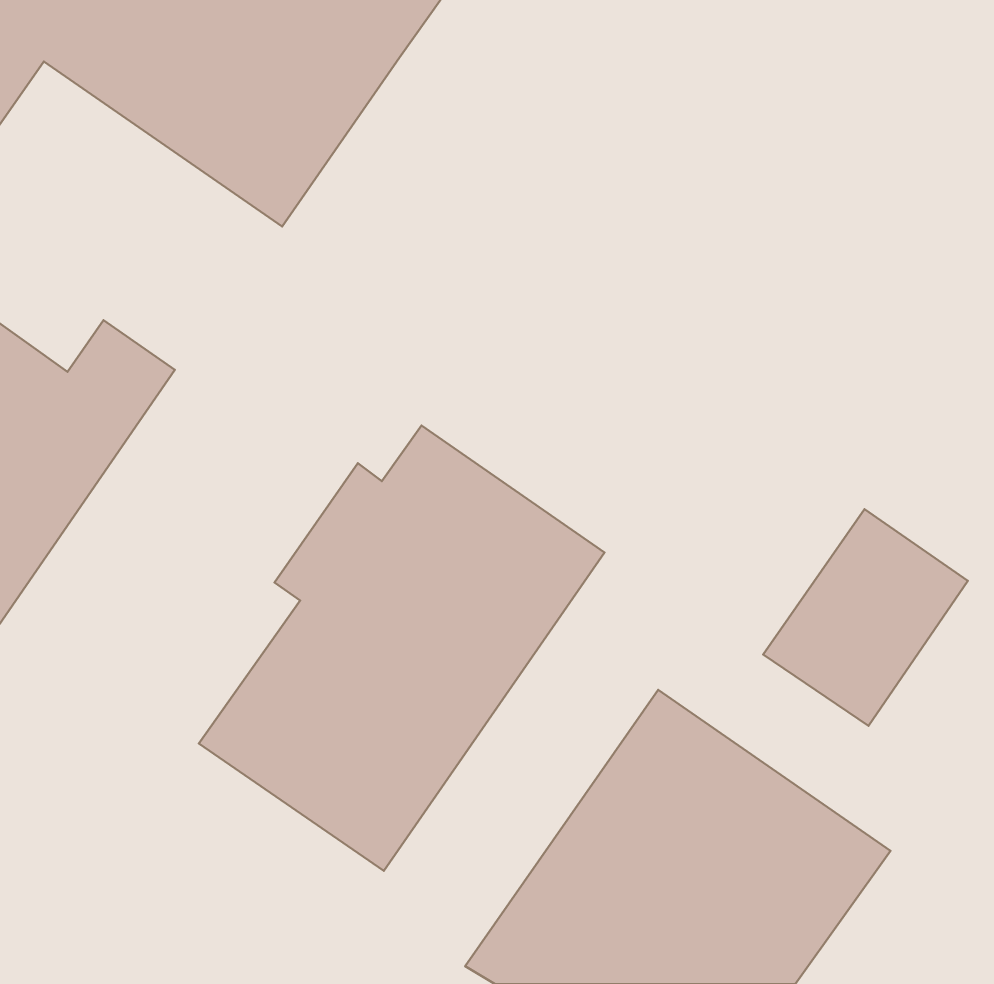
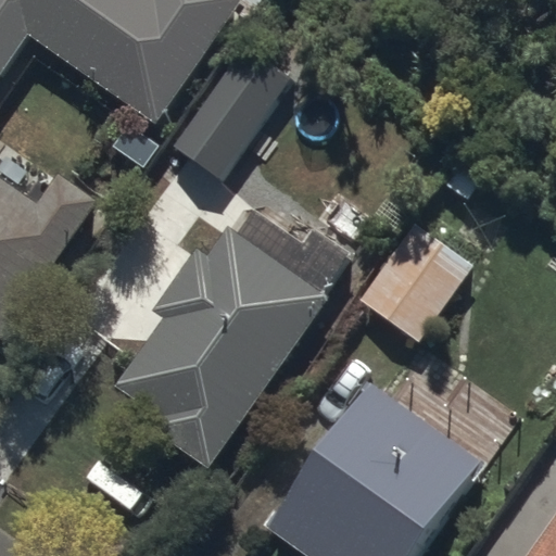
building: none -> [166,38,289,176]
building: [763,509,968,726] -> [361,220,472,339]

